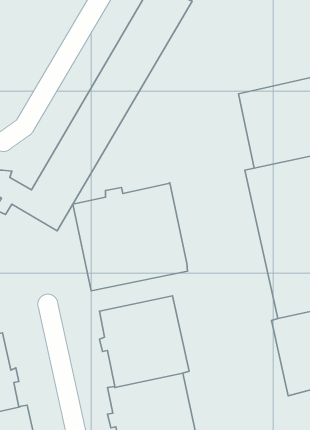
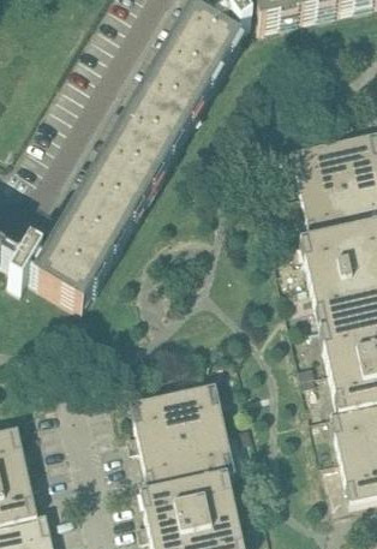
building: [73,183,188,291] -> none

